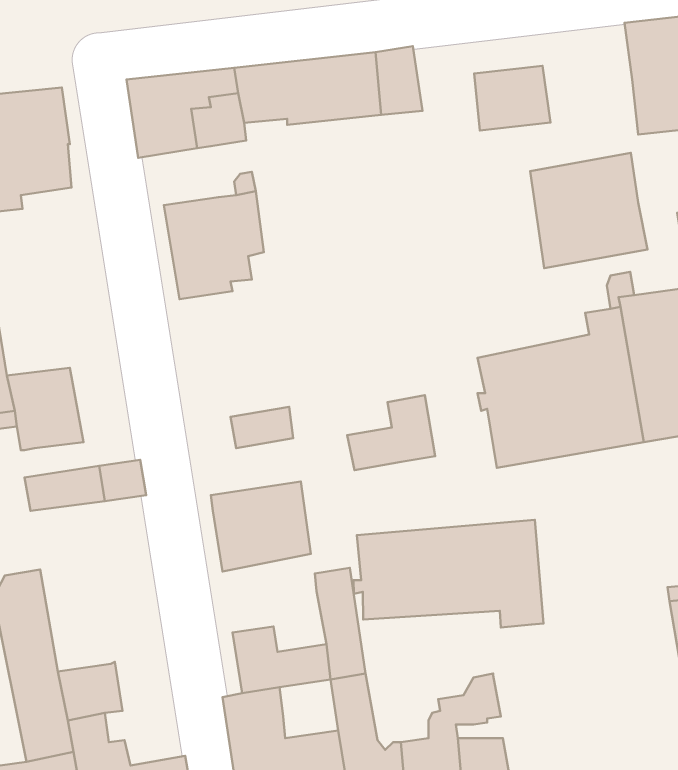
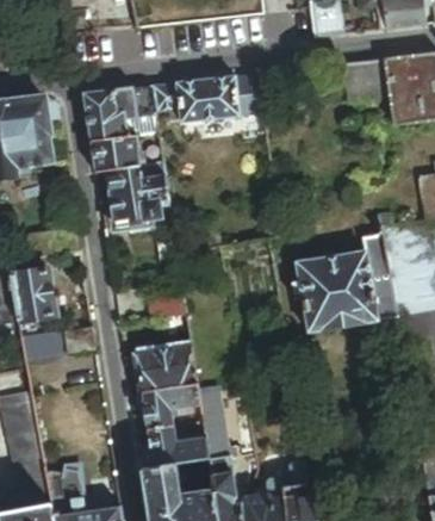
building: [474,66,550,130] -> [344,60,391,99]
building: none -> [91,135,139,173]
building: [530,153,647,268] -> none
building: [347,395,435,470] -> none
building: [354,520,544,627] -> none
building: none -> [142,383,199,430]

